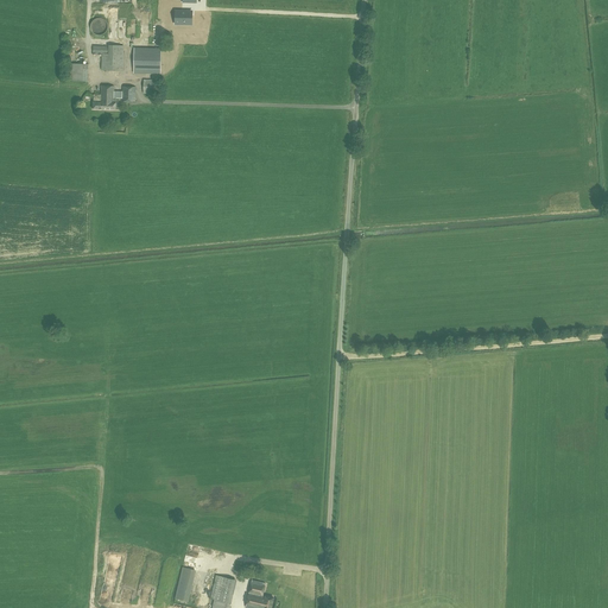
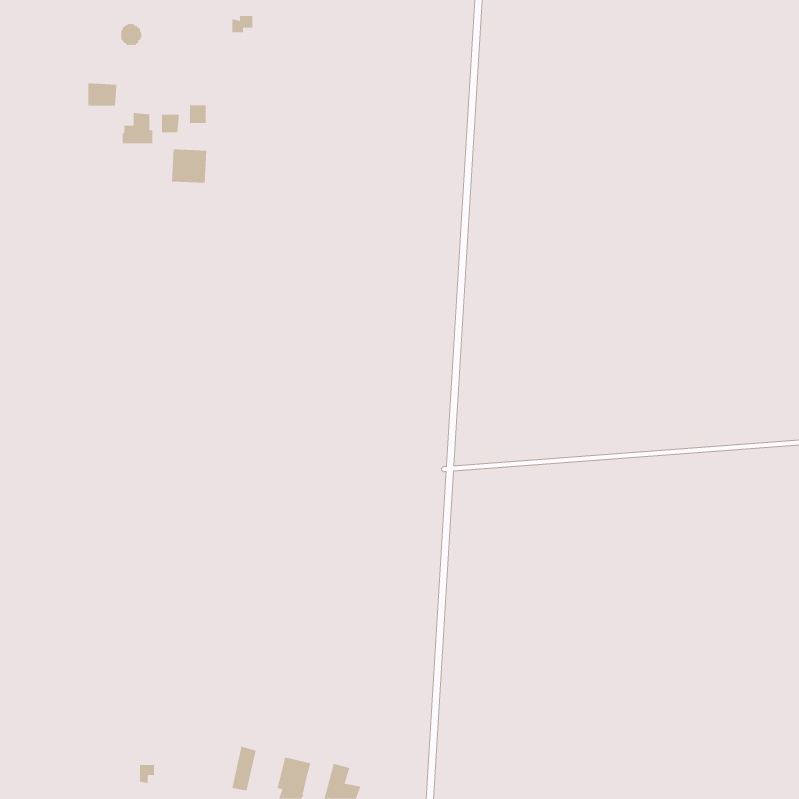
building: [93,45,124,71] -> none
building: [134,48,162,74] -> [171,149,207,183]

